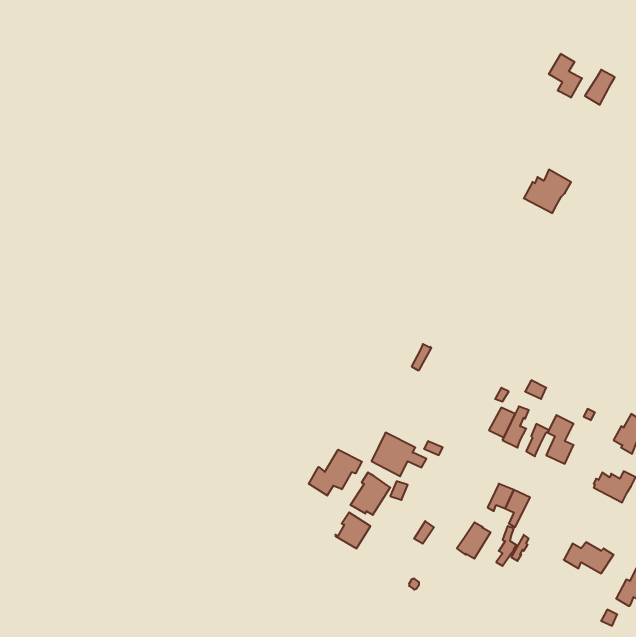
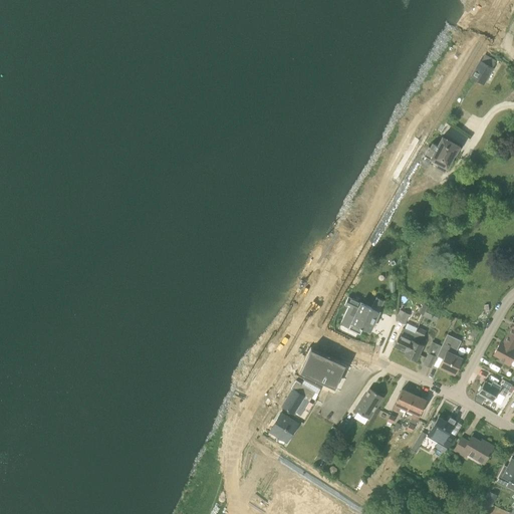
building: [549,54,582,98] -> none
building: none -> [341,297,386,334]
building: [309,450,362,496] -> none
building: none -> [429,417,457,448]
building: [457,522,491,559] -> [356,389,383,418]

